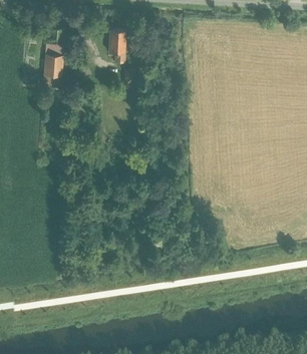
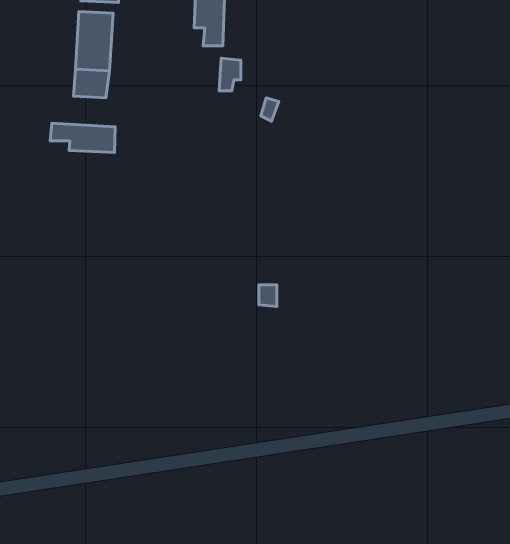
building: none -> [50,123,115,153]

